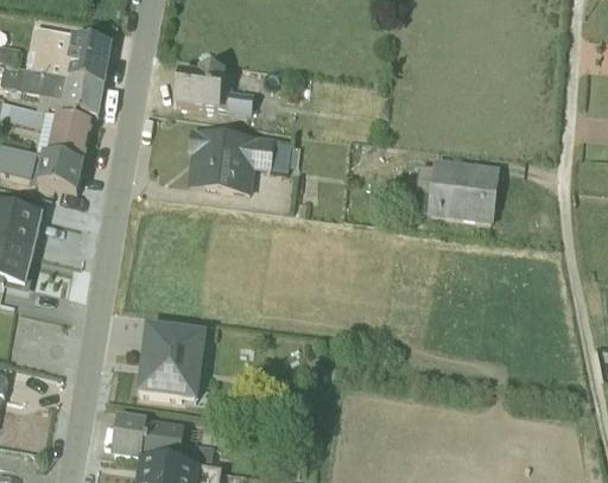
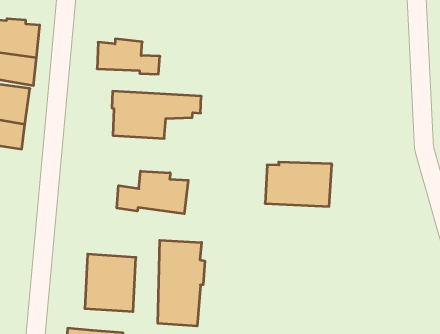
building: [411,169,495,227] -> [265,162,332,206]
building: none -> [117,171,188,214]
building: none -> [158,240,205,326]

